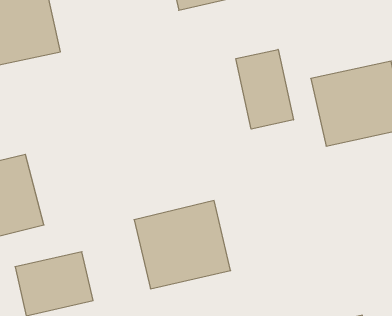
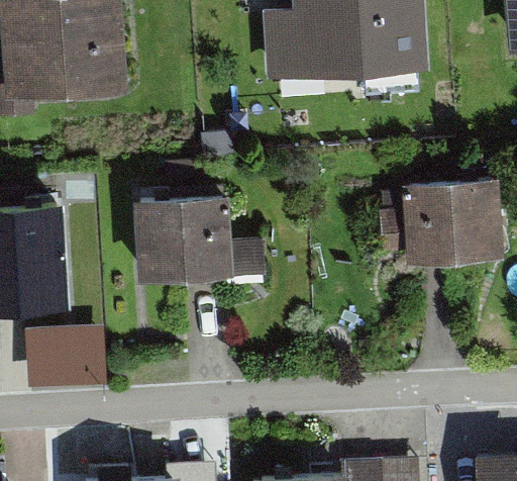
building: [236,49,293,129] -> none
building: [134,201,231,289] -> [129,197,230,286]

